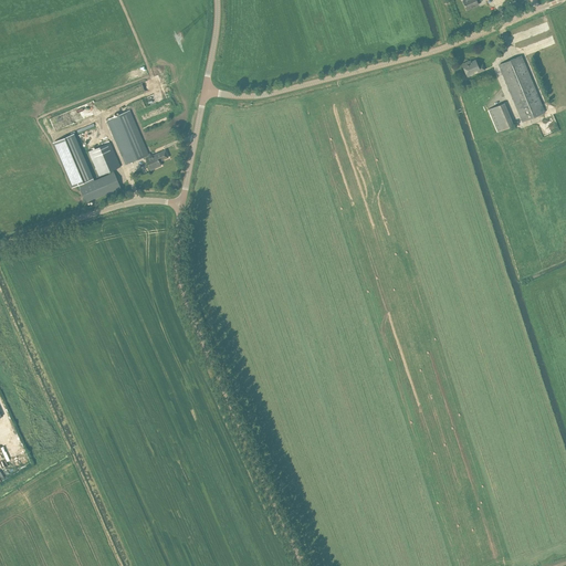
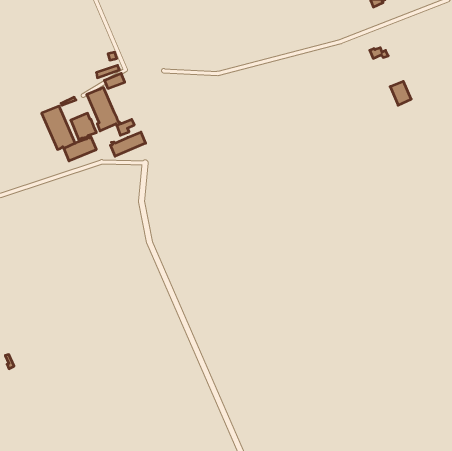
building: [499,54,545,120] -> none
building: none -> [110,132,146,156]

